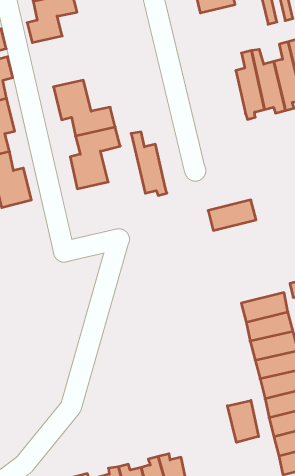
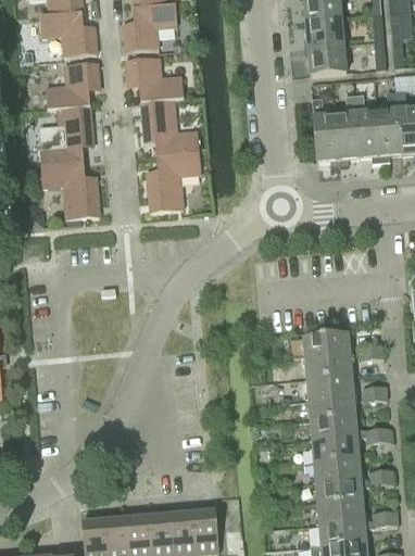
building: none -> [306,42,347,74]
building: none -> [125,56,183,100]
building: [131,132,167,195] -> [311,97,339,166]
building: [208,200,256,230] -> [301,331,350,357]
building: [227,400,259,442] -> none

